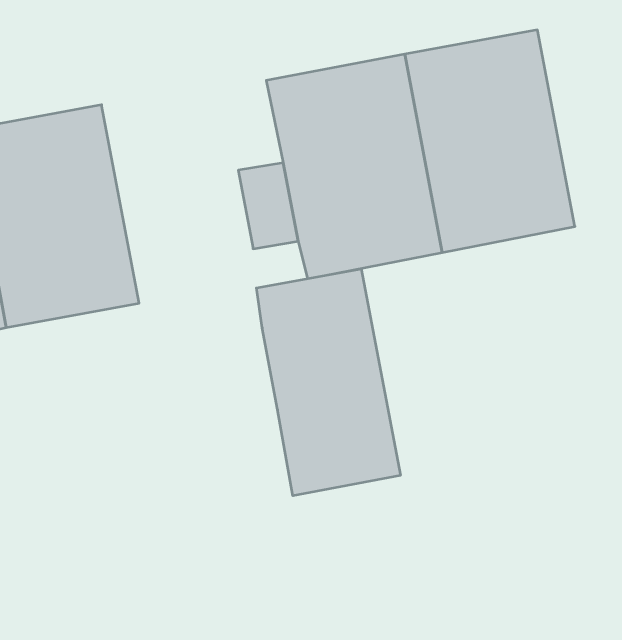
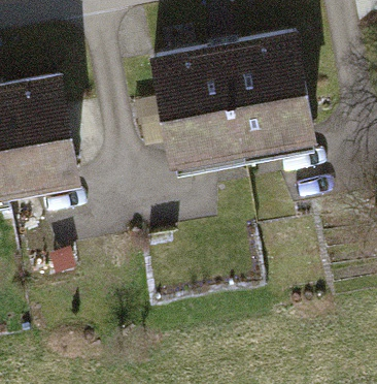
building: [256,269,400,496] -> none

